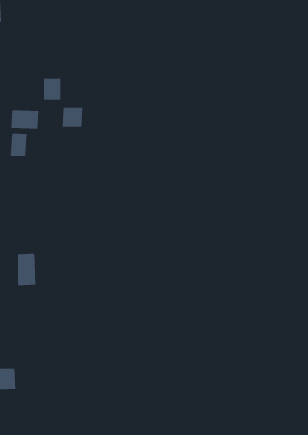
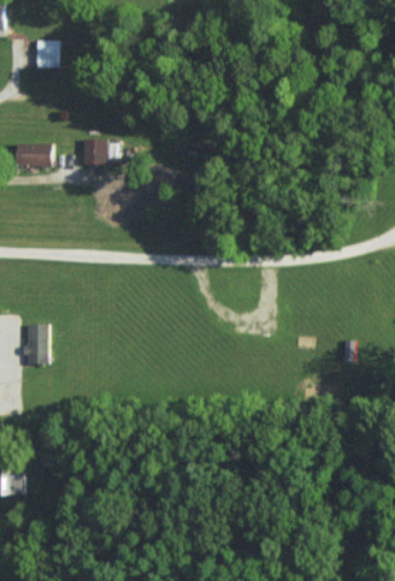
building: [43,78,61,100] -> [36,40,59,67]
building: [10,133,27,157] -> none

